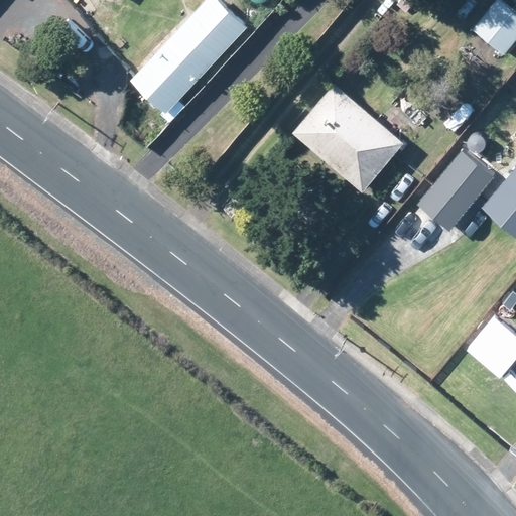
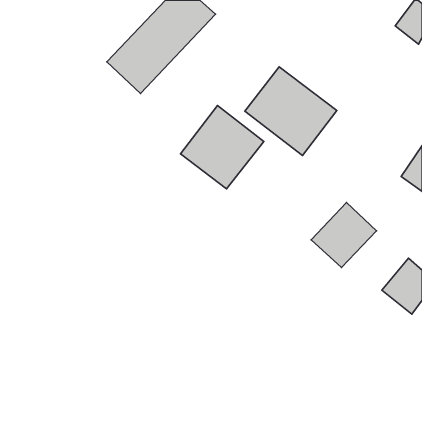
building: none -> [181,106,264,189]
building: [420,144,499,223] -> [311,202,376,268]

